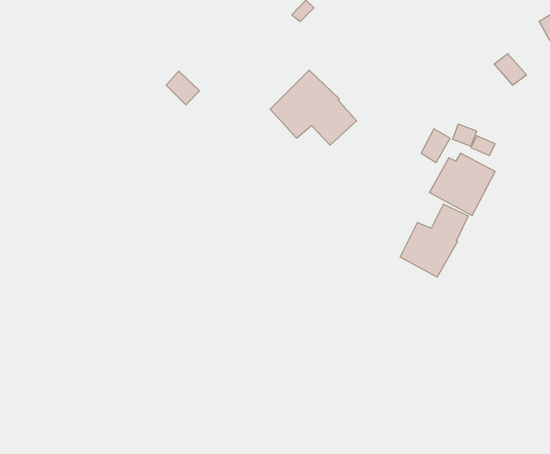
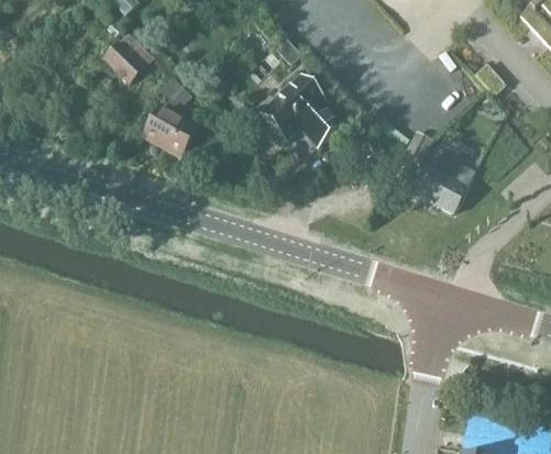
building: none -> [100,32,153,85]
building: none -> [141,103,198,157]
building: [400,204,468,277] -> none

